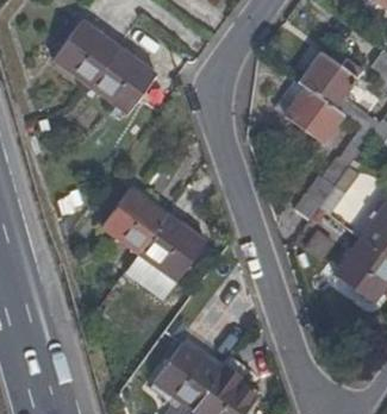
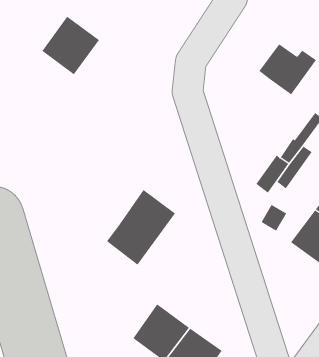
building: [90,46,155,113] -> none
building: [288,90,342,143] -> none
building: [102,188,168,253] -> none

